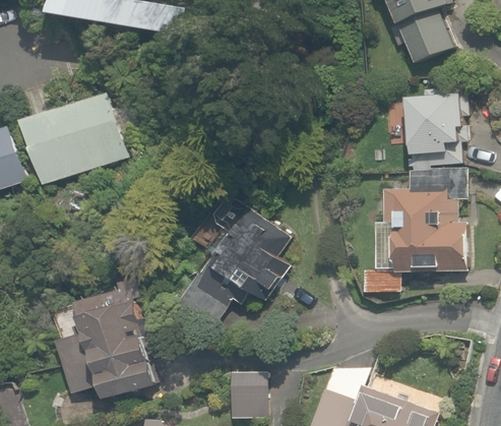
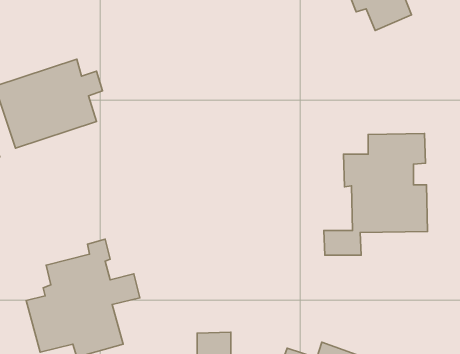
building: [400,89,462,168] -> none
building: [179,193,289,329] -> none

